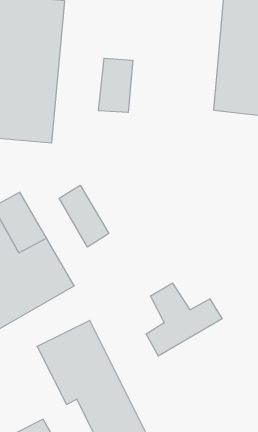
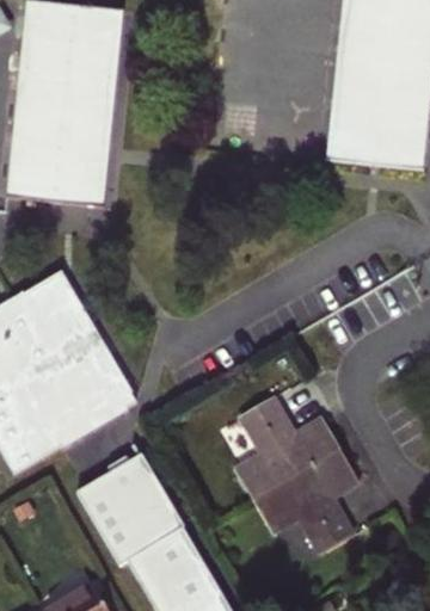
building: [98,58,133,113] -> none
building: [59,185,109,247] -> none
building: none -> [251,448,356,554]

